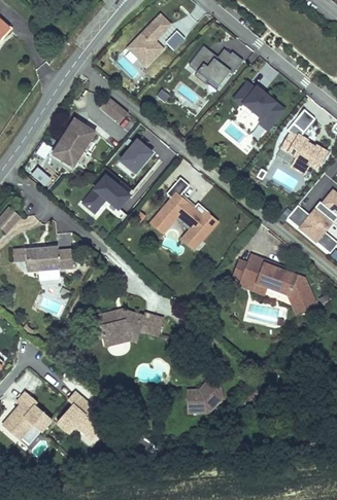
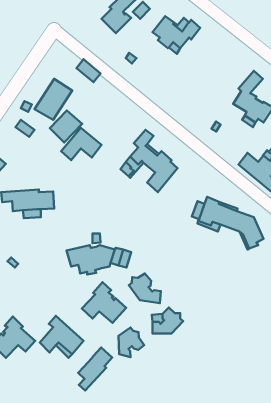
building: [234,82,283,129] -> none
building: [117,137,155,174] -> [50,110,82,143]
building: none -> [129,273,161,303]
building: none -> [82,282,126,323]
building: none -> [119,328,144,357]
building: none -> [78,348,112,391]

